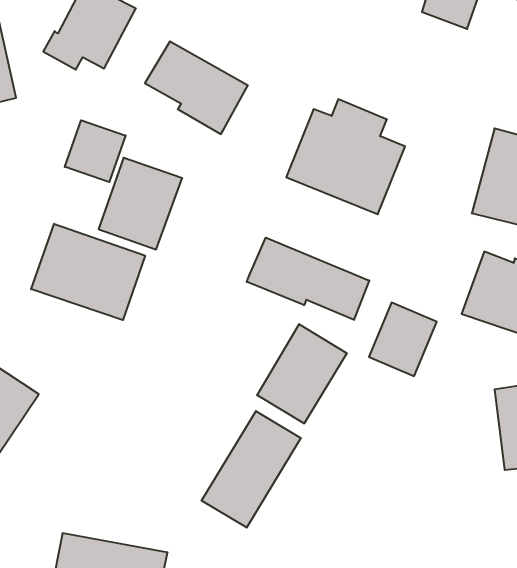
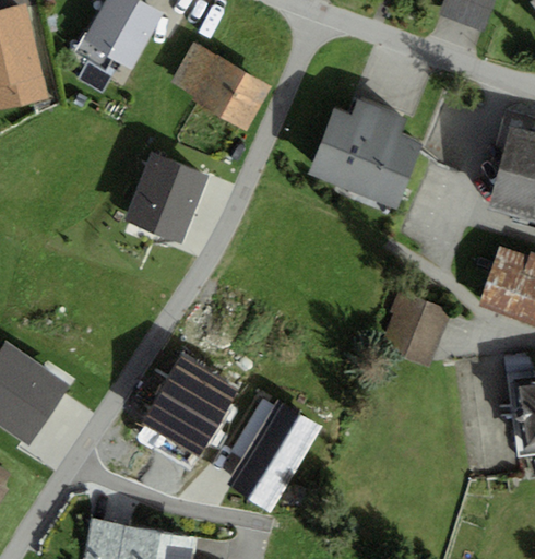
building: [65,120,126,182] -> none
building: [31,224,145,320] -> none
building: [247,238,369,320] -> none
building: [257,324,347,424] -> none
building: none -> [142,357,238,457]

